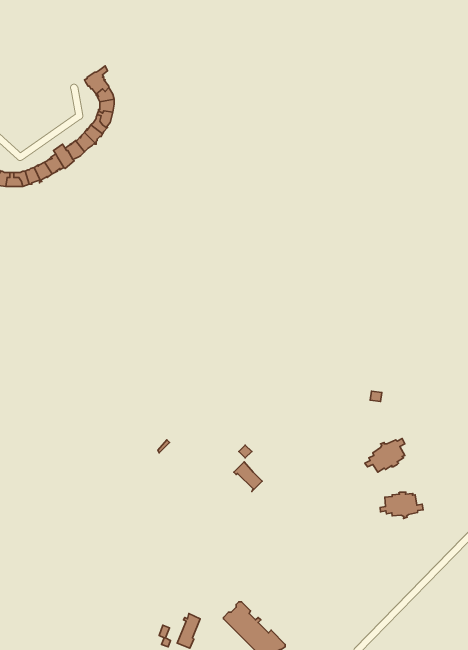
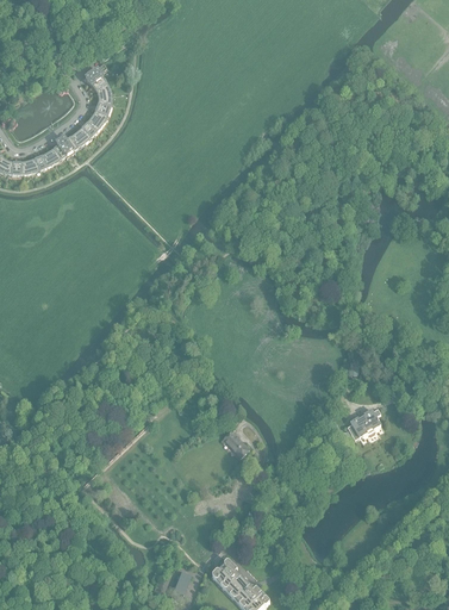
building: [380,492,423,518] -> none

